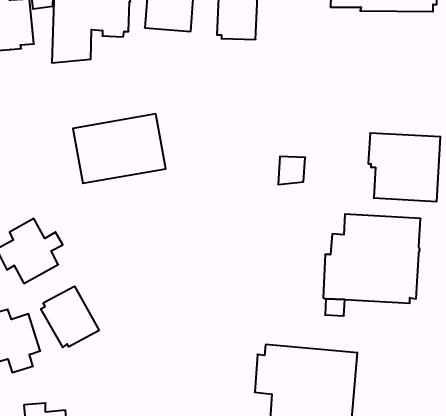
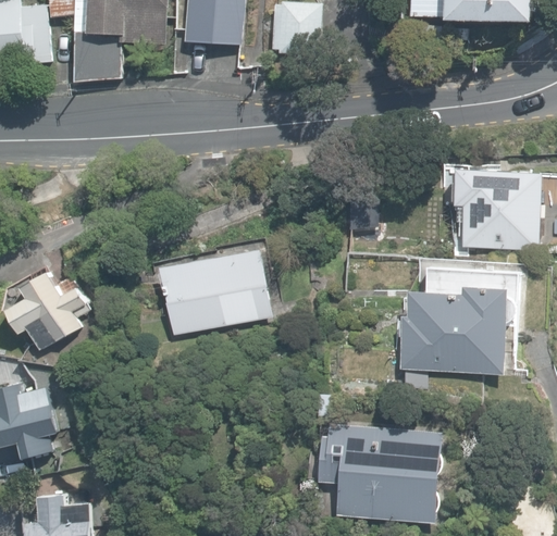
building: [73,114,166,183] -> [160,249,272,333]
building: [41,286,99,347] -> none

